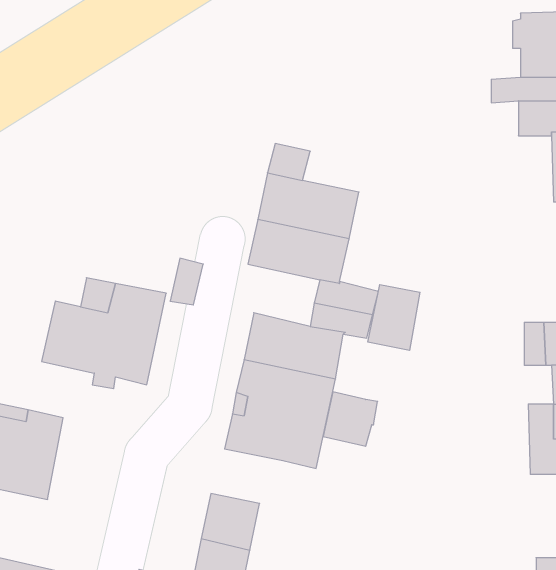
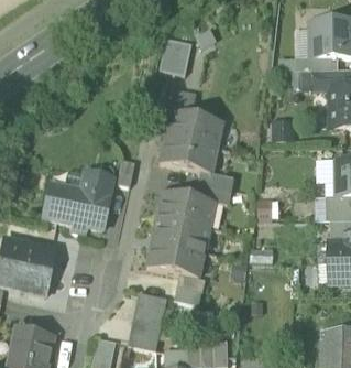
building: none -> [160,39,191,75]
building: [368,285,420,350] -> none
building: [323,392,378,446] -> [174,273,205,304]

